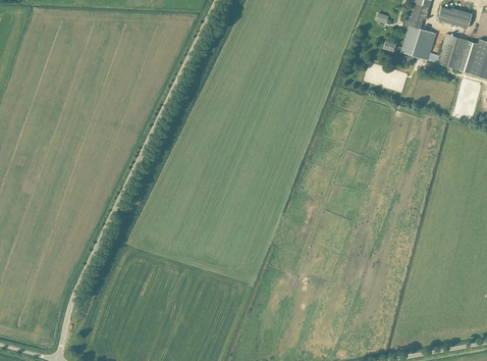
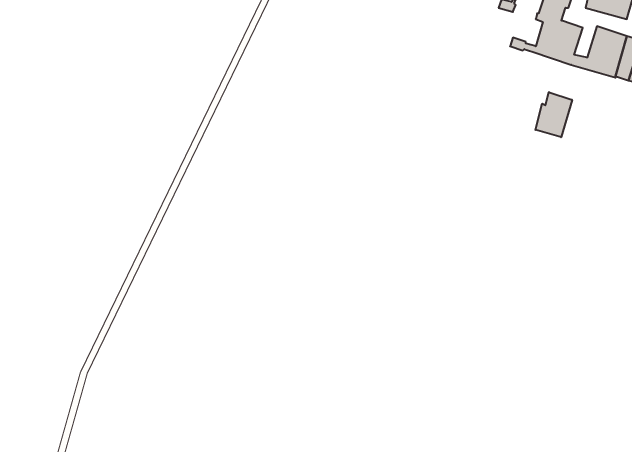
building: none -> [535,92,572,137]

